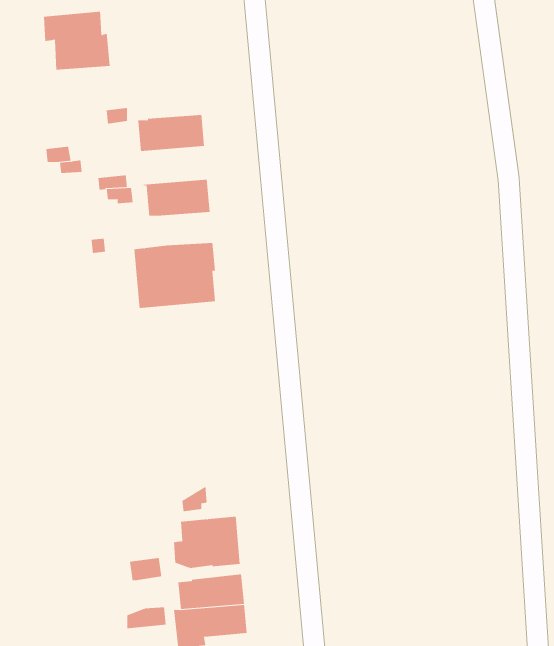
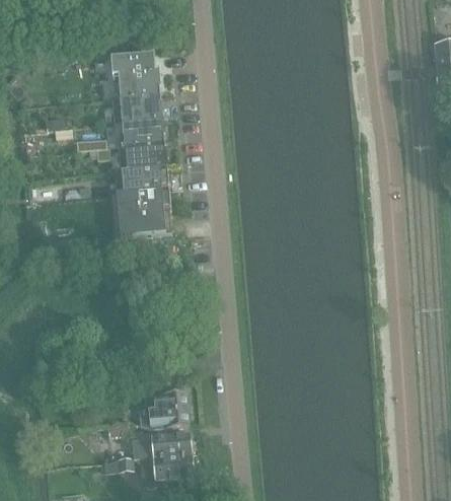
building: [43,11,110,70] -> [110,52,160,95]
building: none -> [115,116,164,144]
building: none -> [116,164,168,191]

